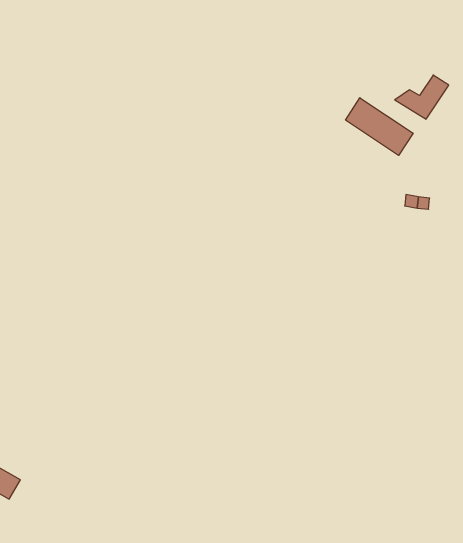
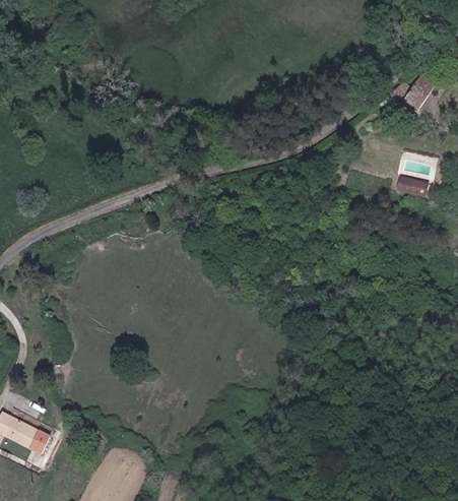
building: [346,98,413,155] -> none

